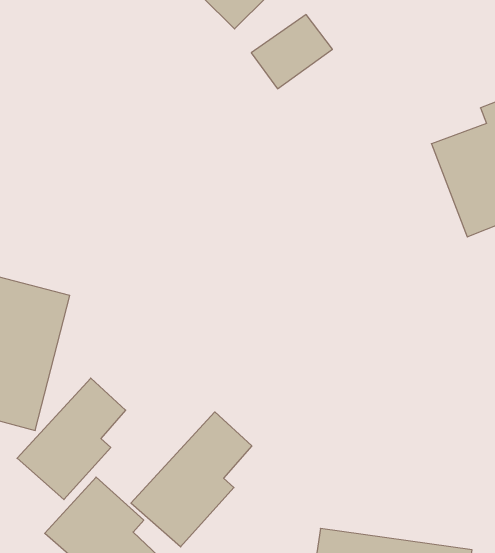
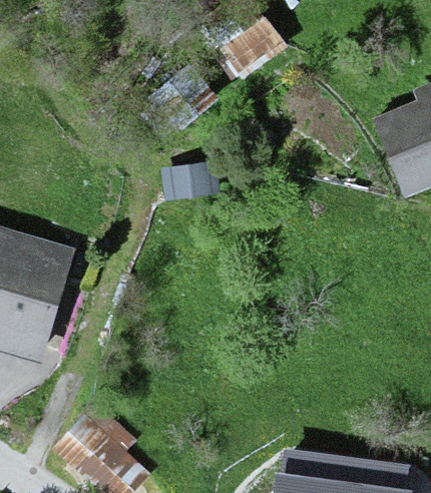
building: [17,378,126,500] -> none
building: [131,412,252,547] -> none

